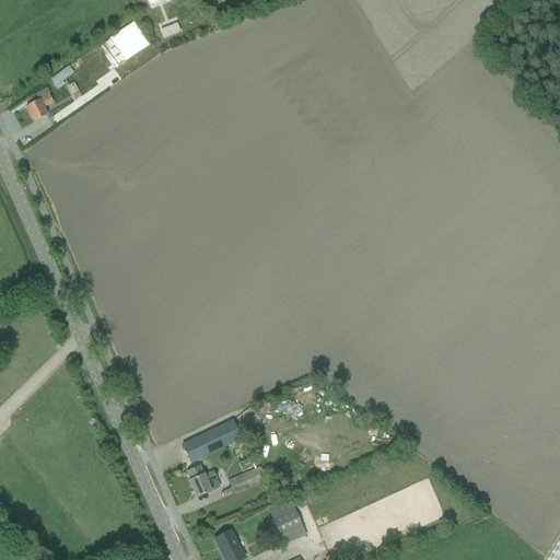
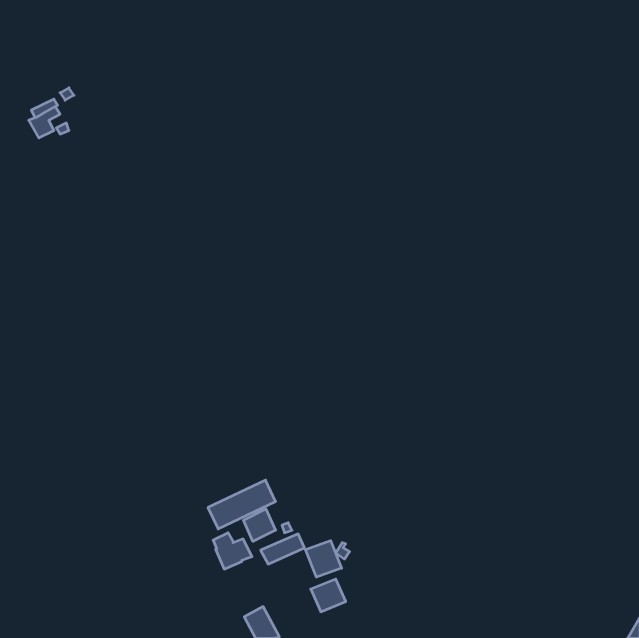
building: none -> [243,509,276,541]
building: none -> [305,541,342,577]

